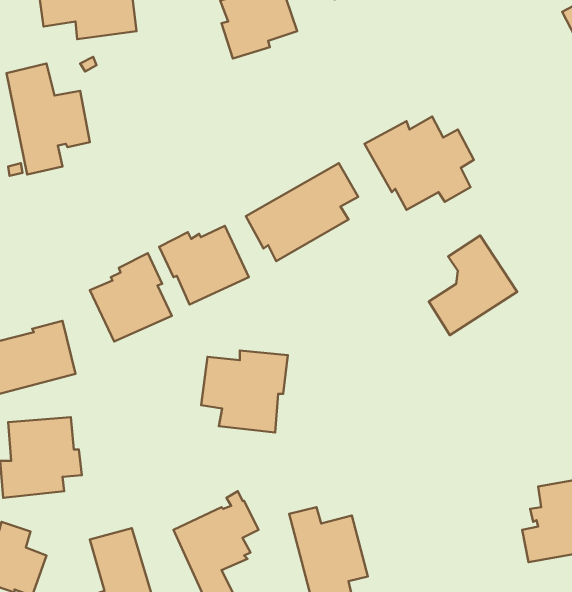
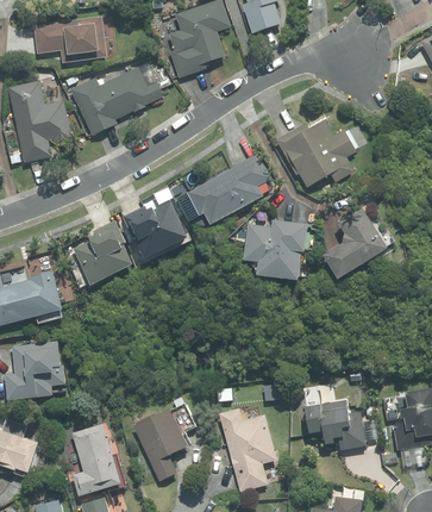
building: none -> [70,67,163,136]
building: [201,350,288,432] -> [243,220,307,281]
building: none -> [305,401,367,450]

